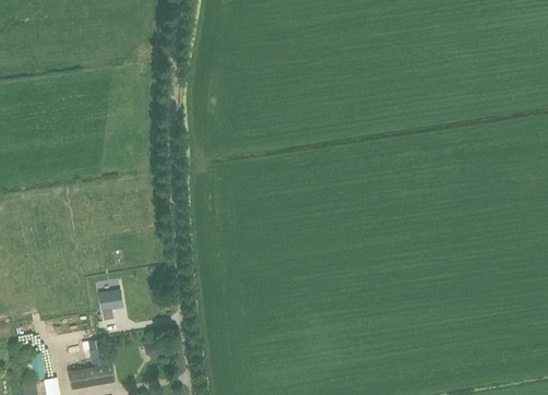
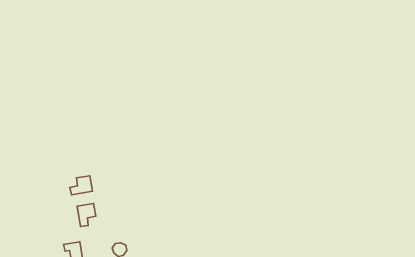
building: none -> [70,176,93,195]

